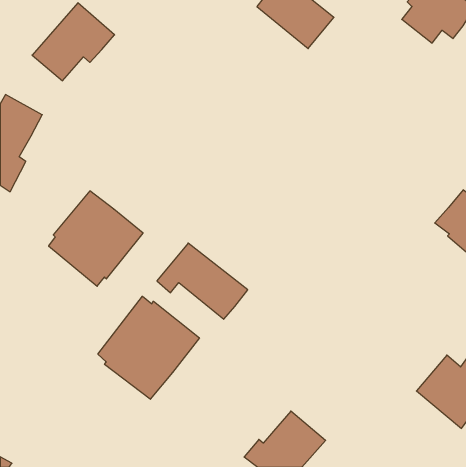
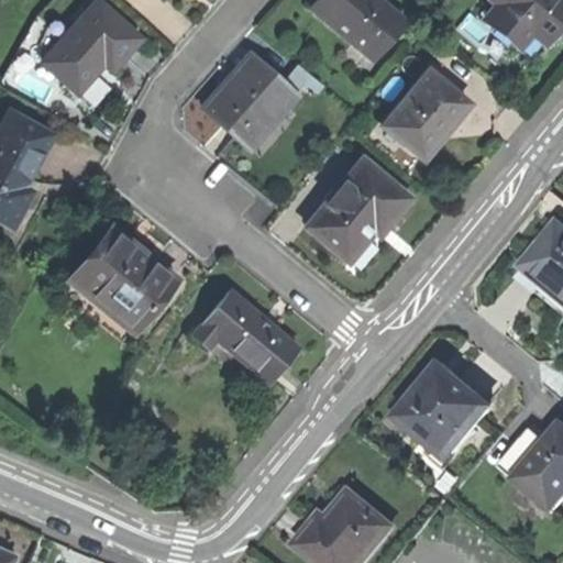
building: none -> [210,48,302,140]
building: none -> [383,71,467,159]
building: none -> [308,159,411,260]
building: [98,296,199,399] -> none
building: none -> [397,366,493,461]

